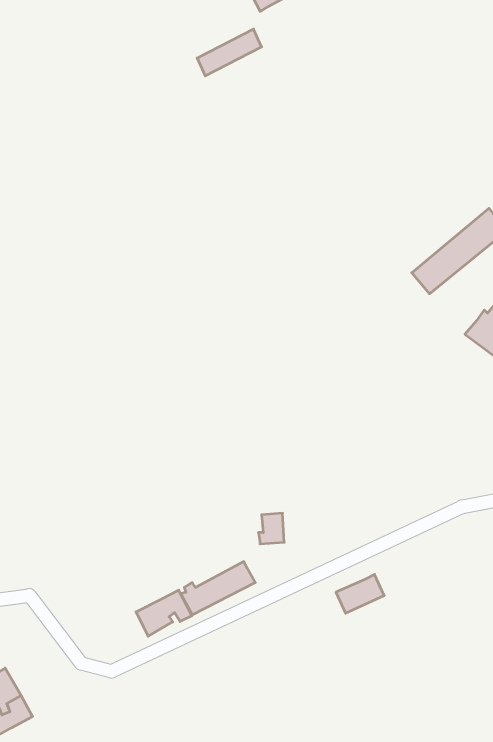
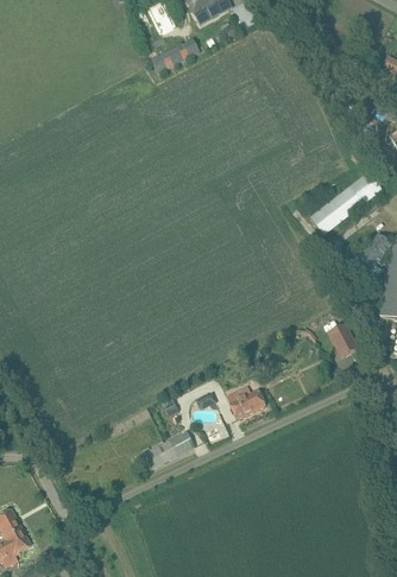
building: none -> [328,322,358,356]
building: [336,574,384,613] -> [229,389,265,418]
building: [136,590,192,636] -> none

